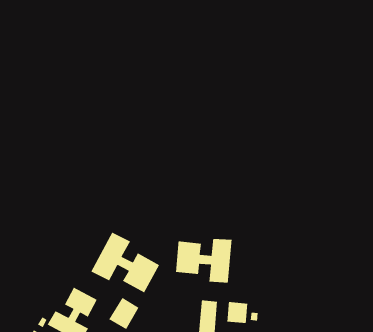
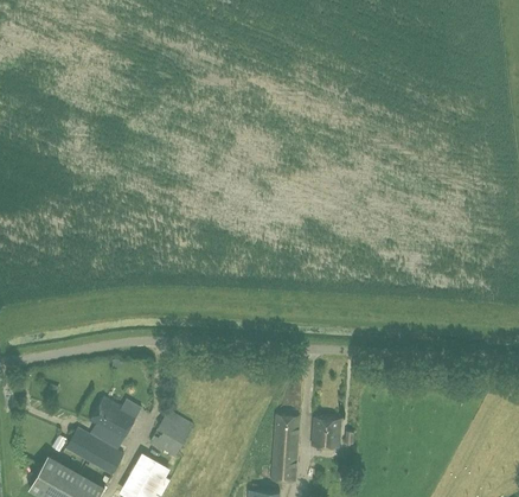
building: [90,231,160,294] -> none
building: [175,238,232,283] -> none

